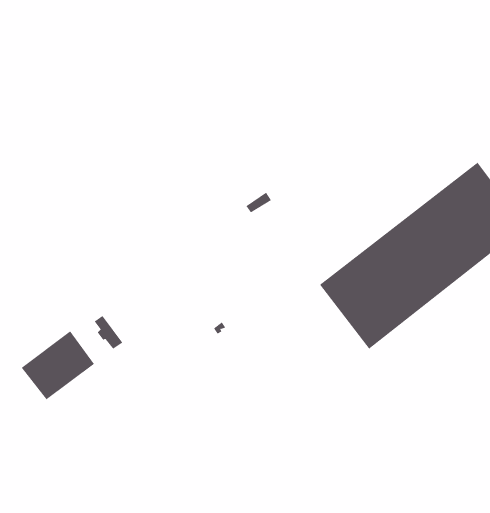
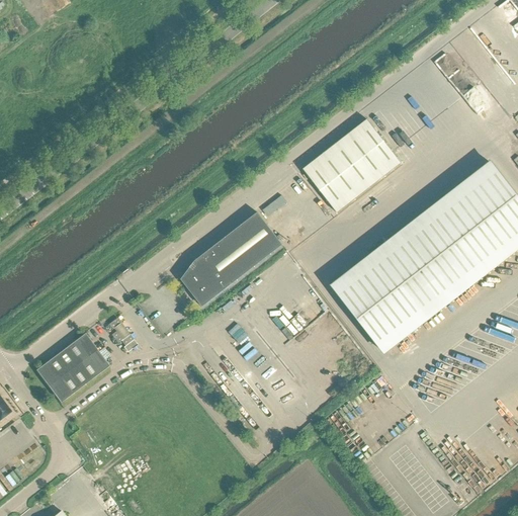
building: none -> [303,118,401,211]
building: none -> [180,211,282,306]

